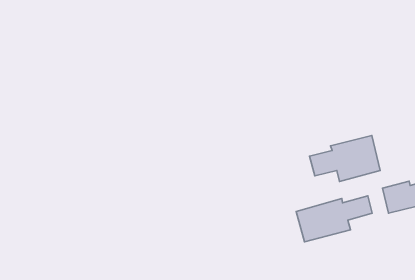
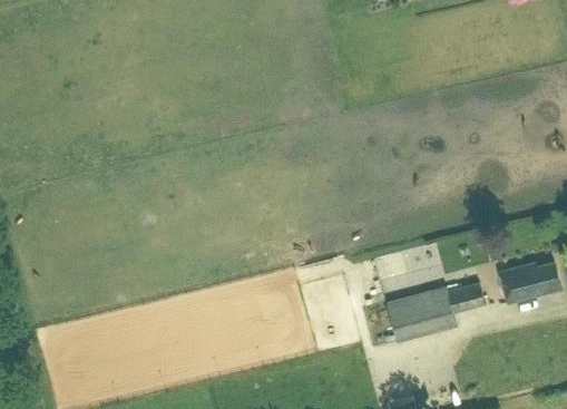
building: [310,136,380,181] -> none

